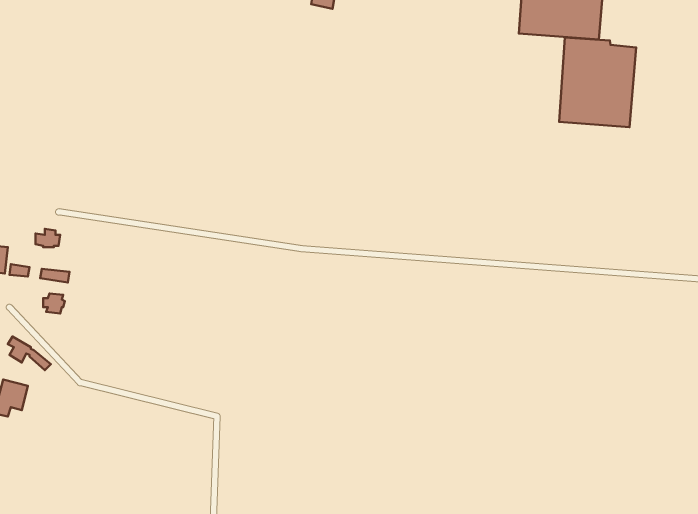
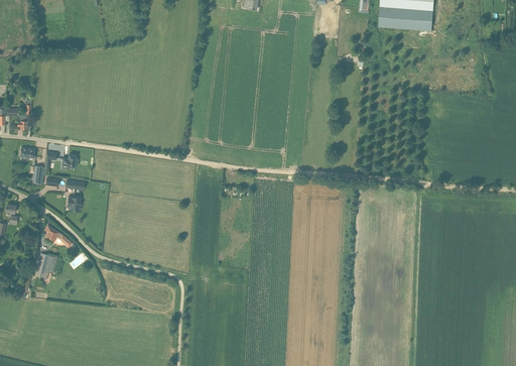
building: [559,38,636,127] -> none

